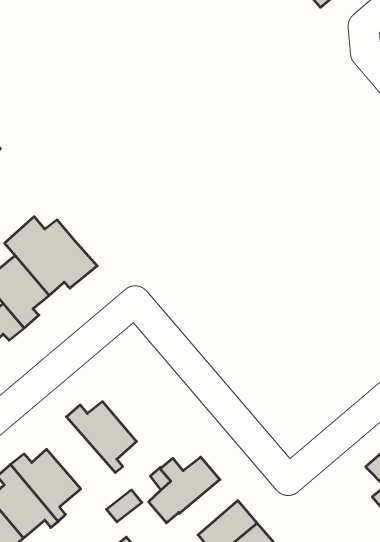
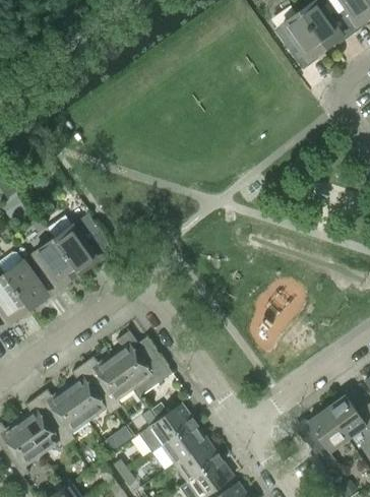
building: none -> [111,331,173,396]
building: none -> [65,365,116,421]
building: none -> [162,423,207,463]

